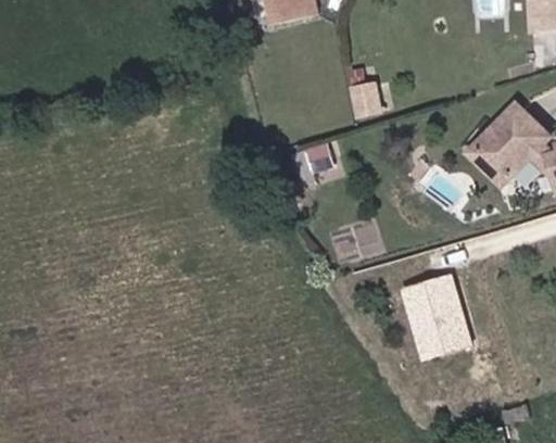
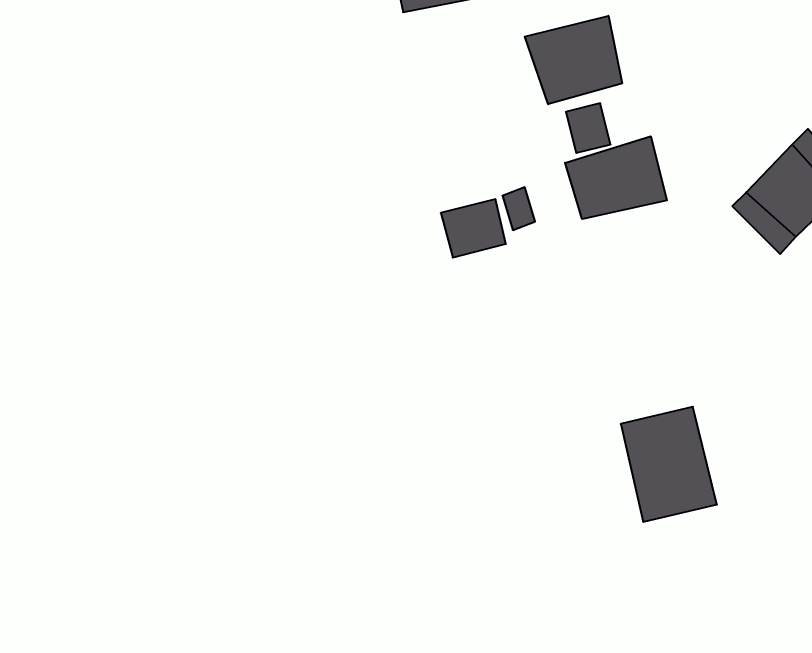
building: none -> [525,16,622,104]
building: none -> [565,136,667,219]

